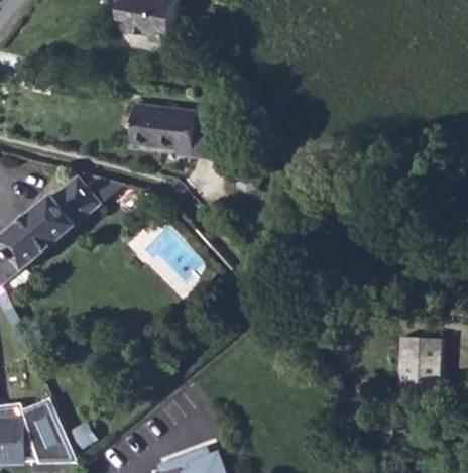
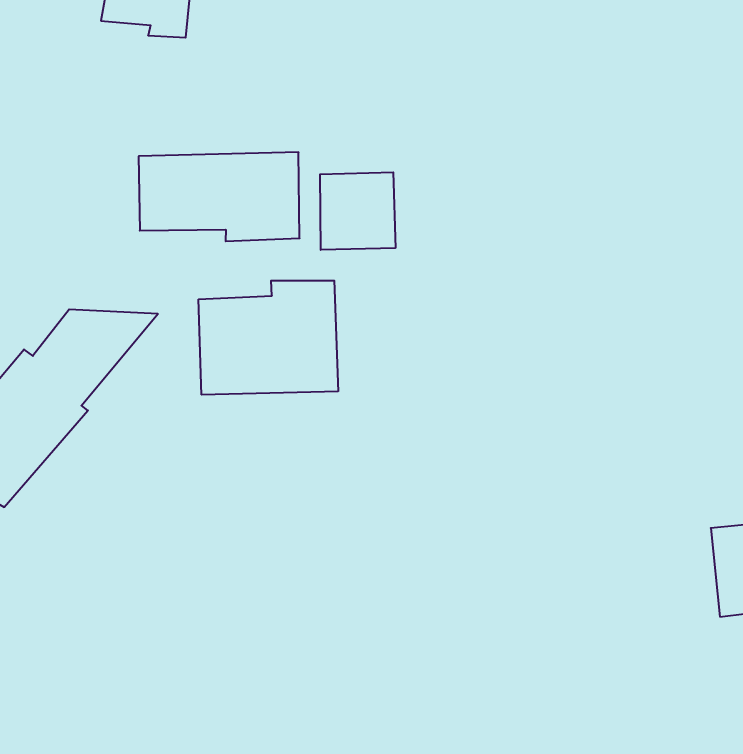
building: none -> [320,172,395,250]
building: none -> [199,281,338,395]

